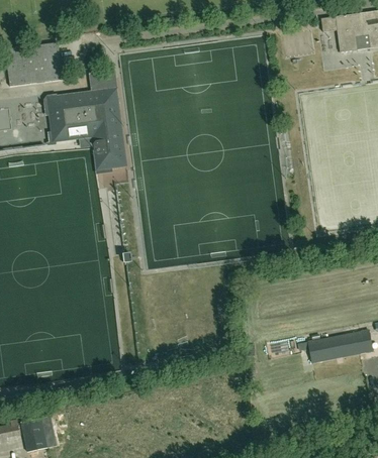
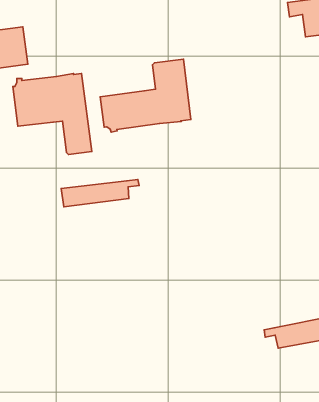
building: none -> [100,59,191,132]
building: none -> [61,179,139,207]

